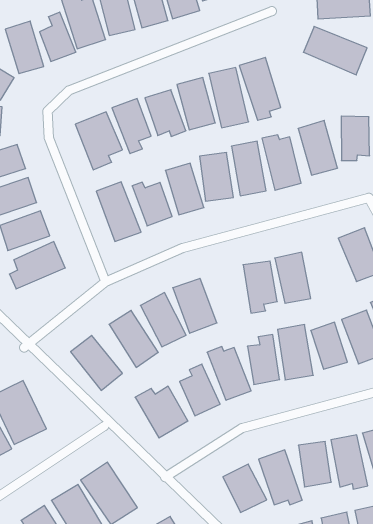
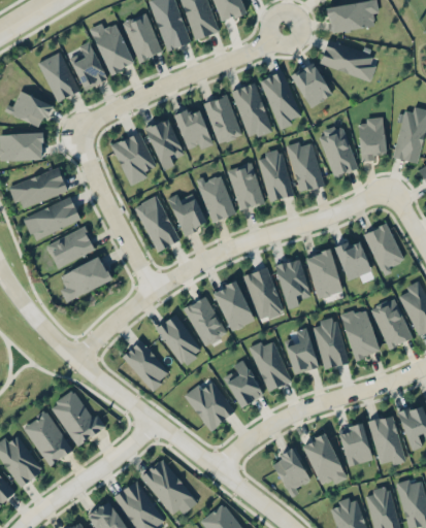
building: none -> [293,63,331,108]
building: none -> [337,240,370,280]
building: none -> [244,267,283,322]

